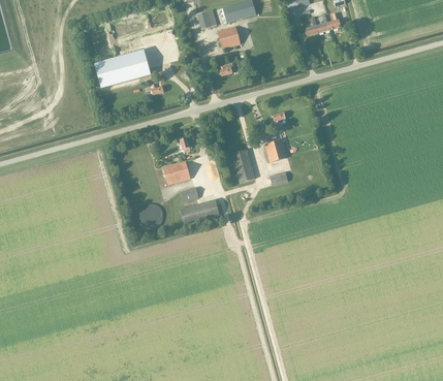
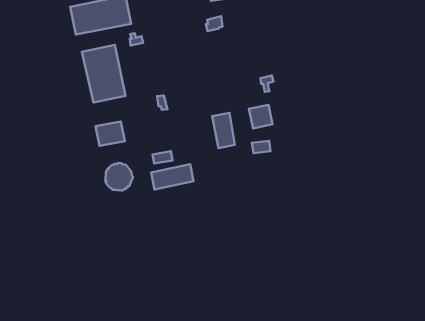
building: none -> [82,45,126,103]
building: [162,160,190,184] -> [95,122,125,146]

